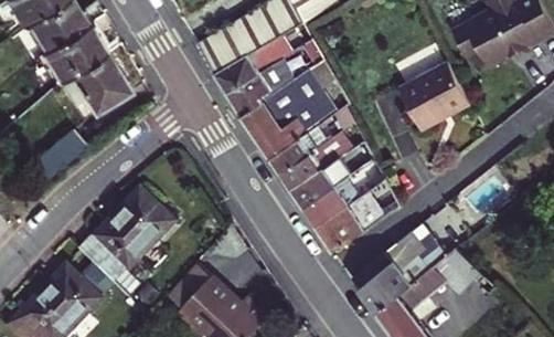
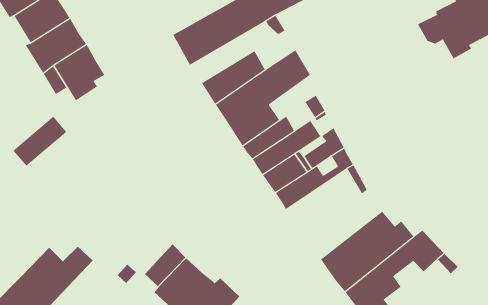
building: [214,35,292,94] -> none
building: [401,61,471,129] -> none
building: [82,189,172,294] -> none
building: [315,190,385,253] -> none

